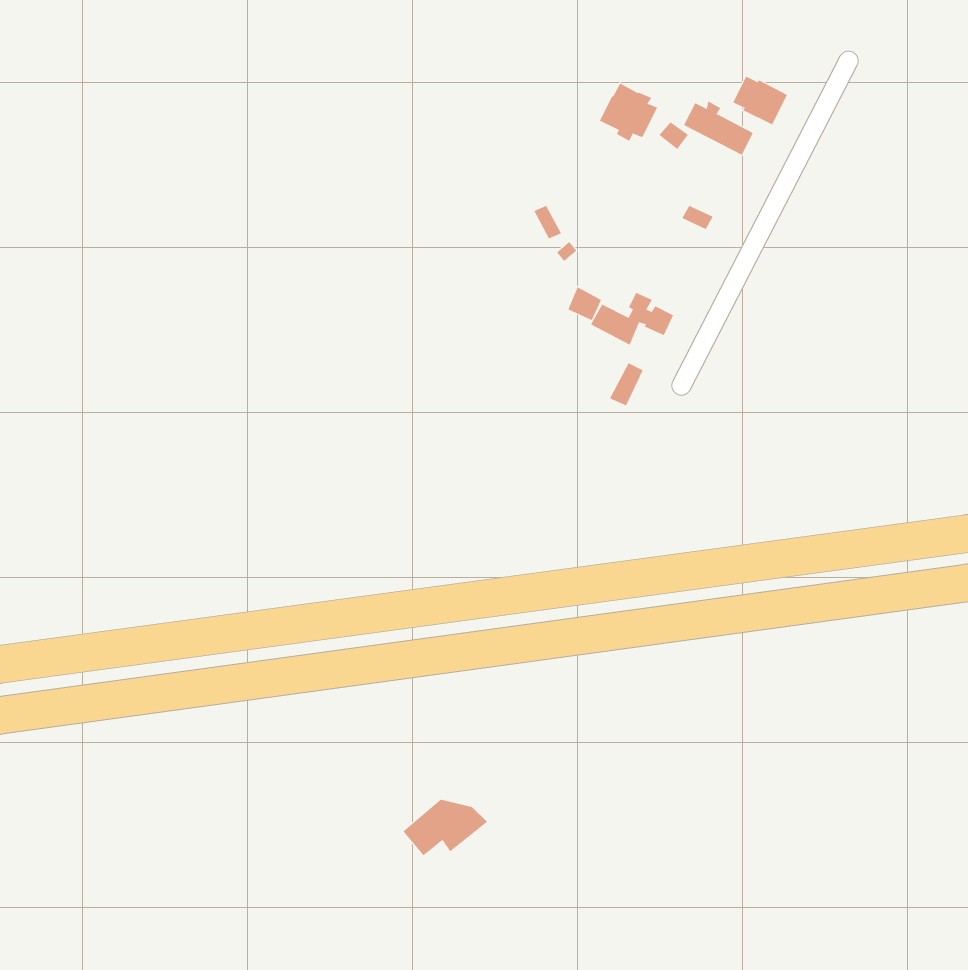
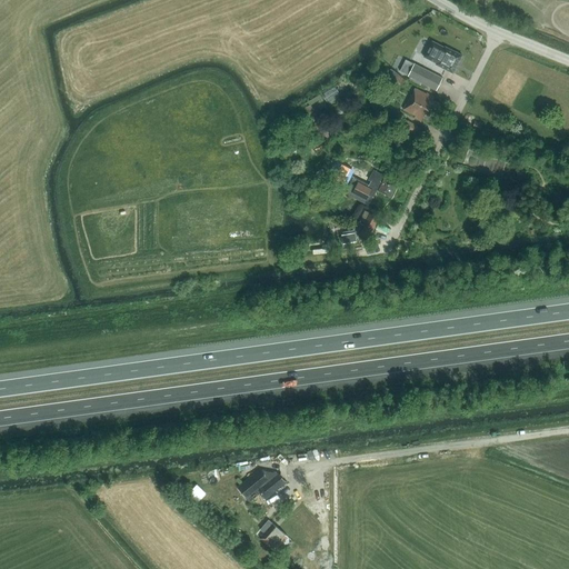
building: [599,83,658,142] -> [402,88,437,122]
building: none -> [259,520,287,551]

